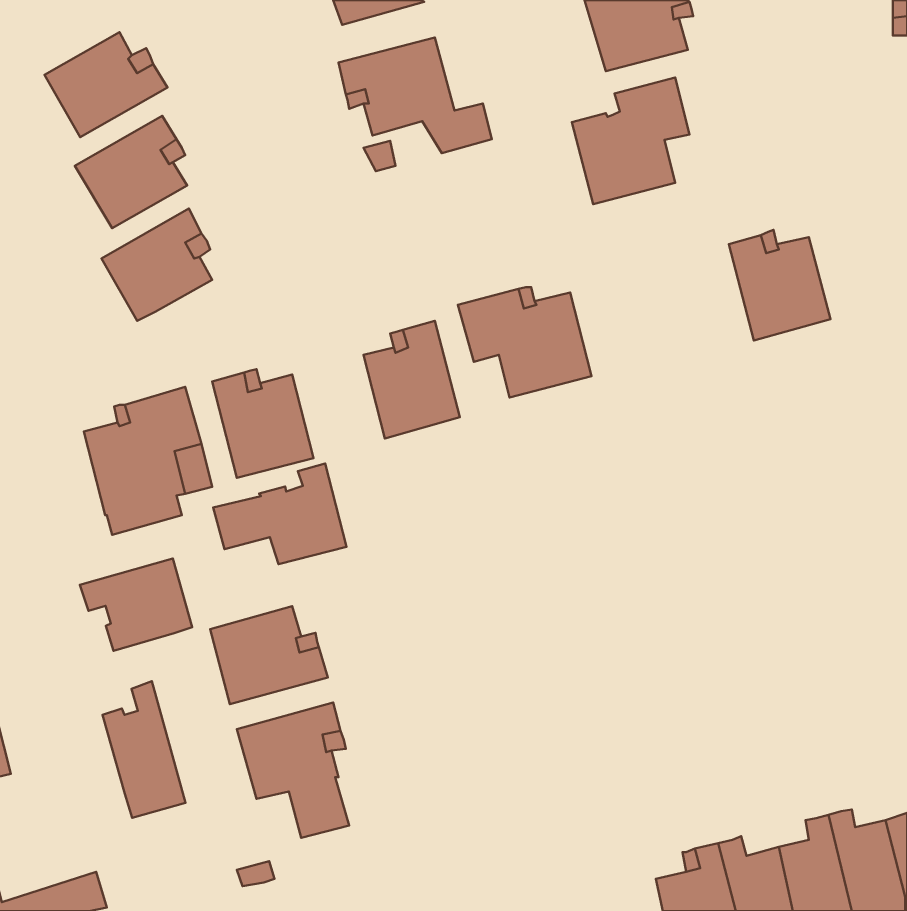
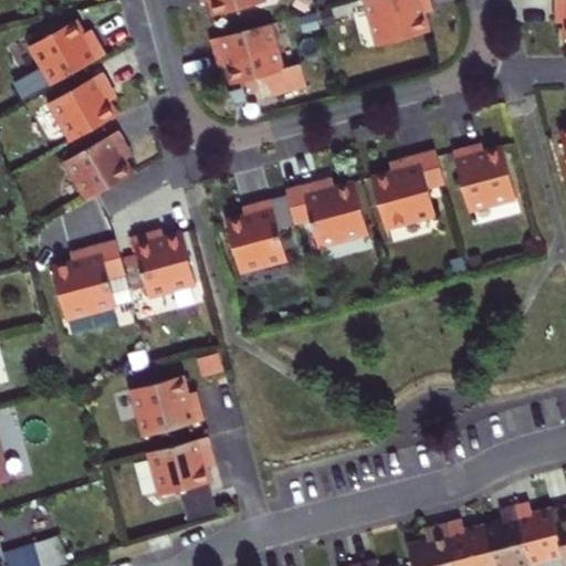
building: [572,77,689,204] -> [370,149,443,228]
building: [213,463,347,564] -> none
building: [80,559,192,651] -> none
building: [102,681,186,818] -> none

